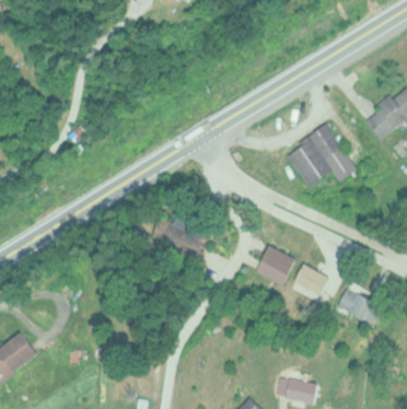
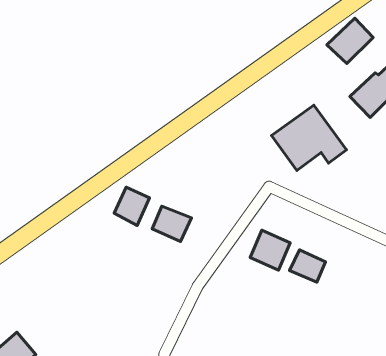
building: none -> [327,18,373,64]
building: none -> [114,187,149,225]
building: [337,288,375,320] -> none

